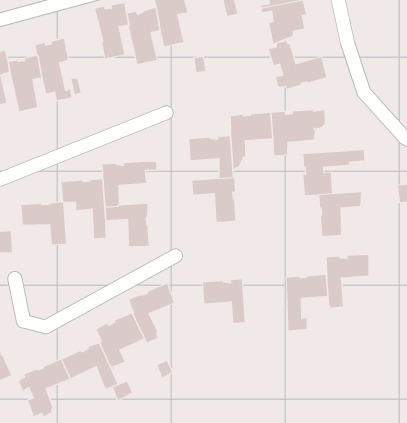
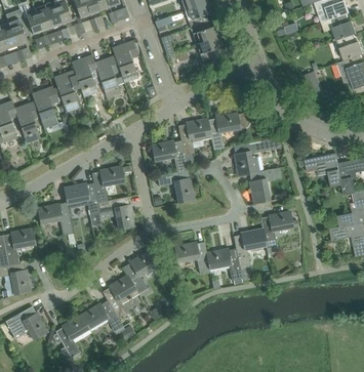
building: none -> [53,69,80,111]
building: [268,41,327,89] -> none
building: none -> [203,241,241,280]

